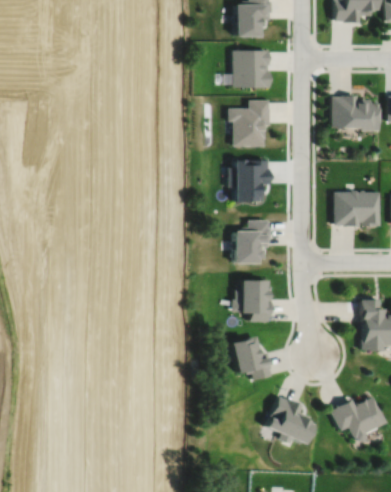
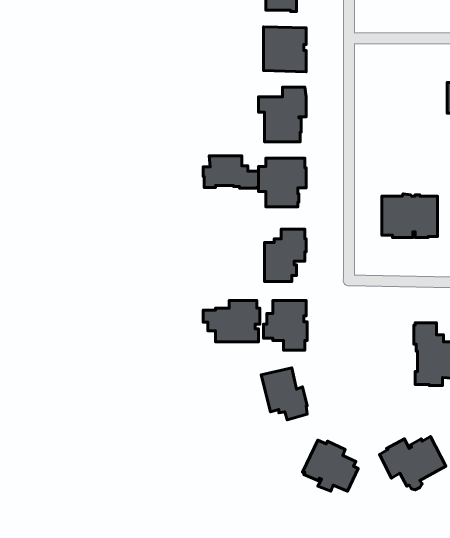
building: [332,95,380,130] -> none
building: none -> [203,156,258,188]
building: none -> [203,300,260,342]

